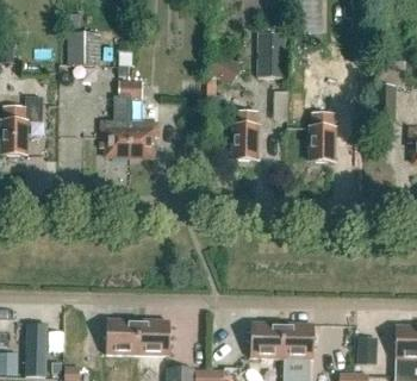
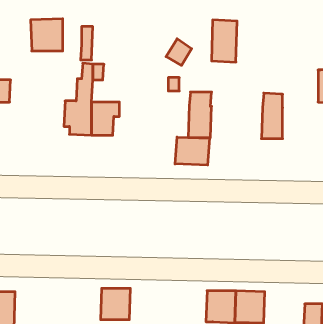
building: none -> [175,137,210,165]
building: [108,319,141,354] -> none

